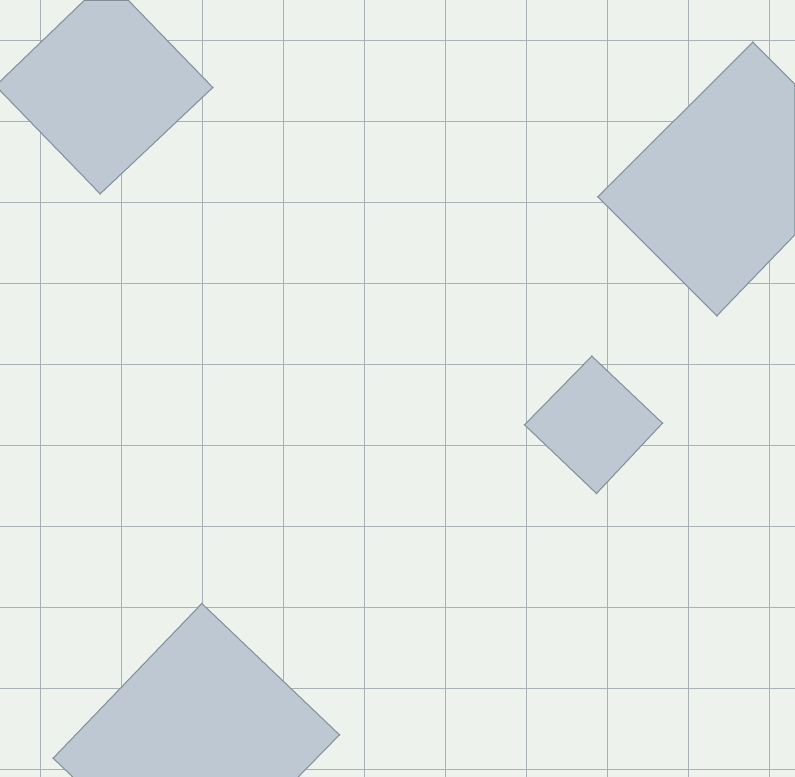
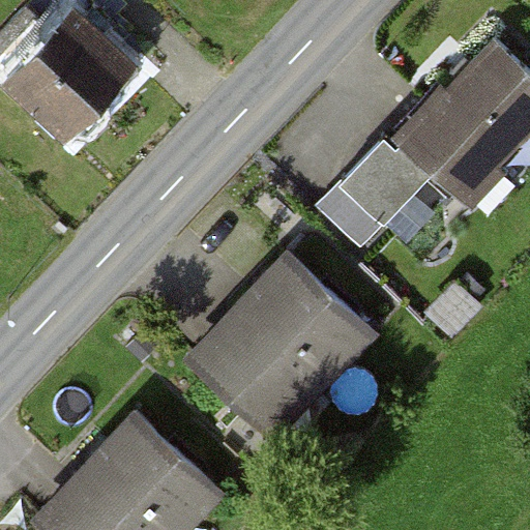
building: none -> [180,247,371,439]
building: [525,356,662,494] -> [338,140,430,231]

